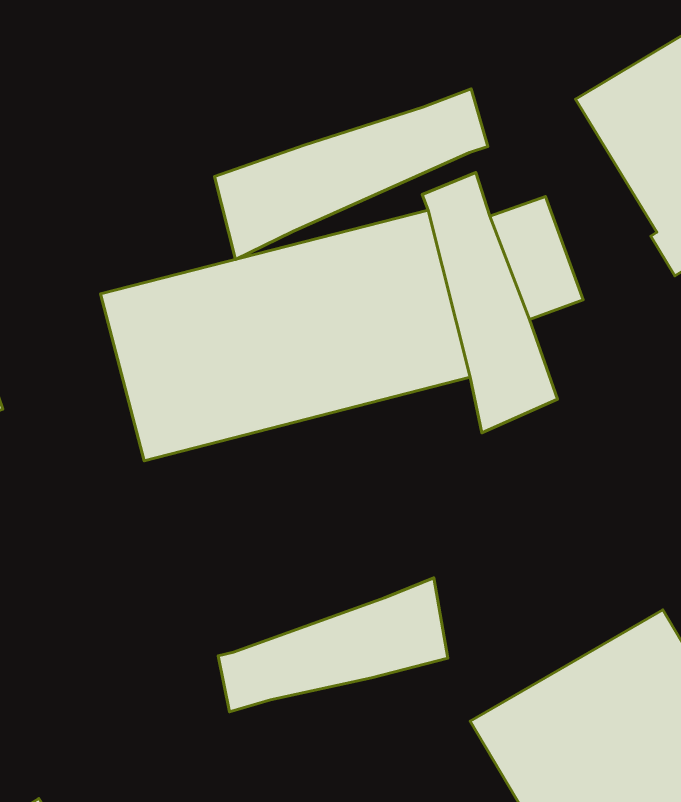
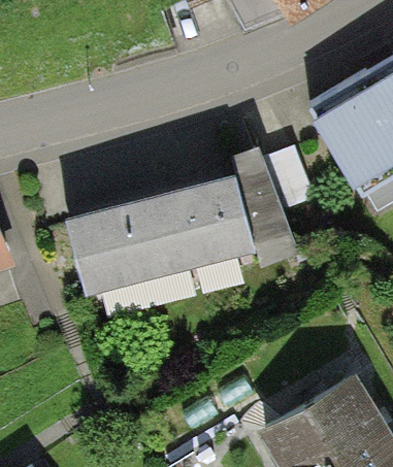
building: [215,89,488,259] -> none
building: [218,578,448,712] -> none

